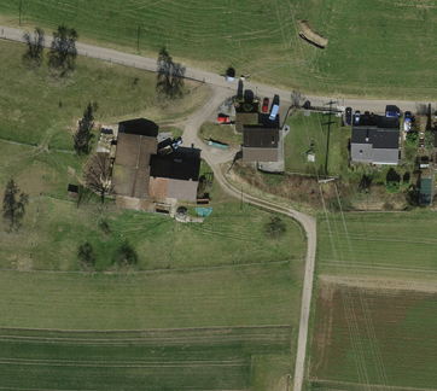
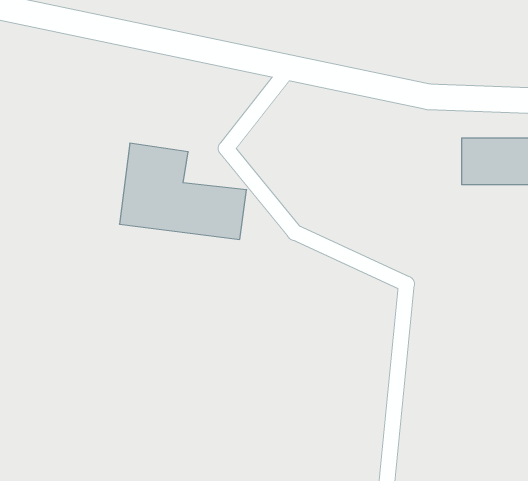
building: [233,115,279,157] -> none

